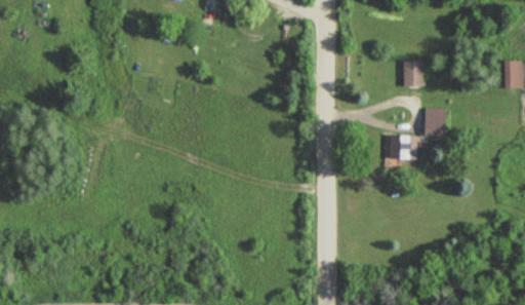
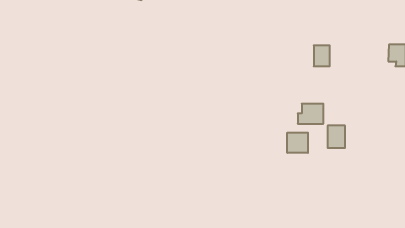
building: [425,108,447,137] -> [328,126,345,148]
building: none -> [287,133,308,153]

